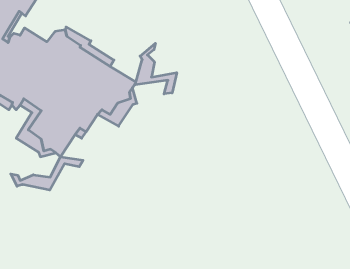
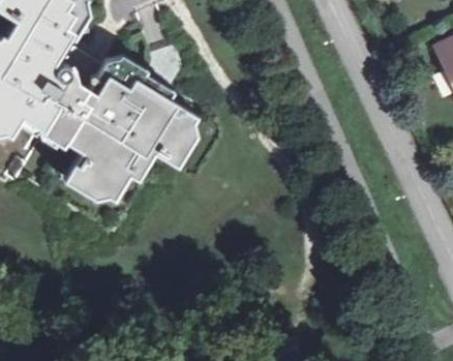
building: [135,43,177,94] -> none
building: [11,157,83,190] -> none

